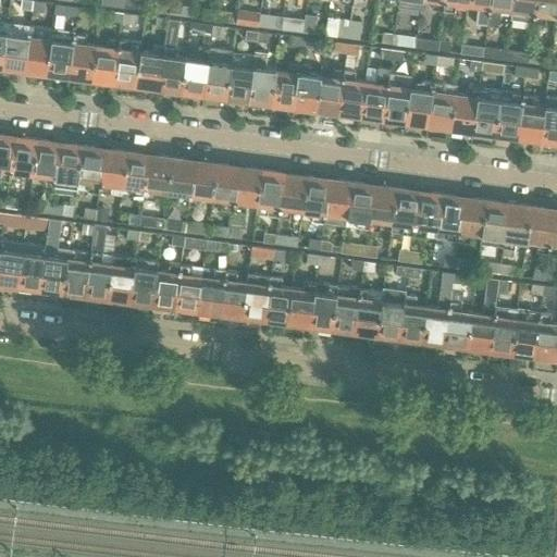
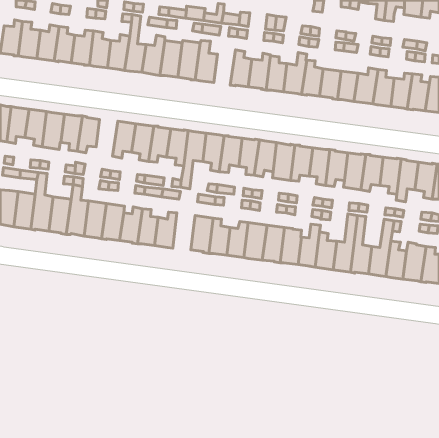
building: [271,63,298,109] -> none
building: [122,152,149,199] -> none
building: [219,271,246,318] -> none

